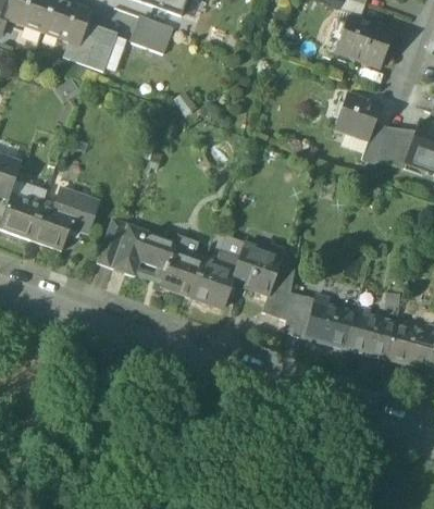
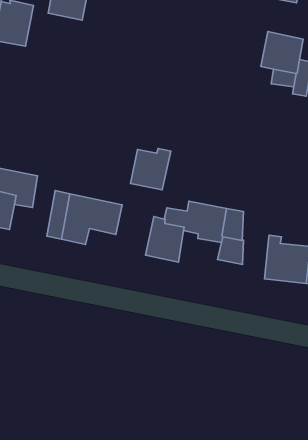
building: [161,252,206,296] -> [131,149,171,190]
building: [284,294,315,337] -> none

